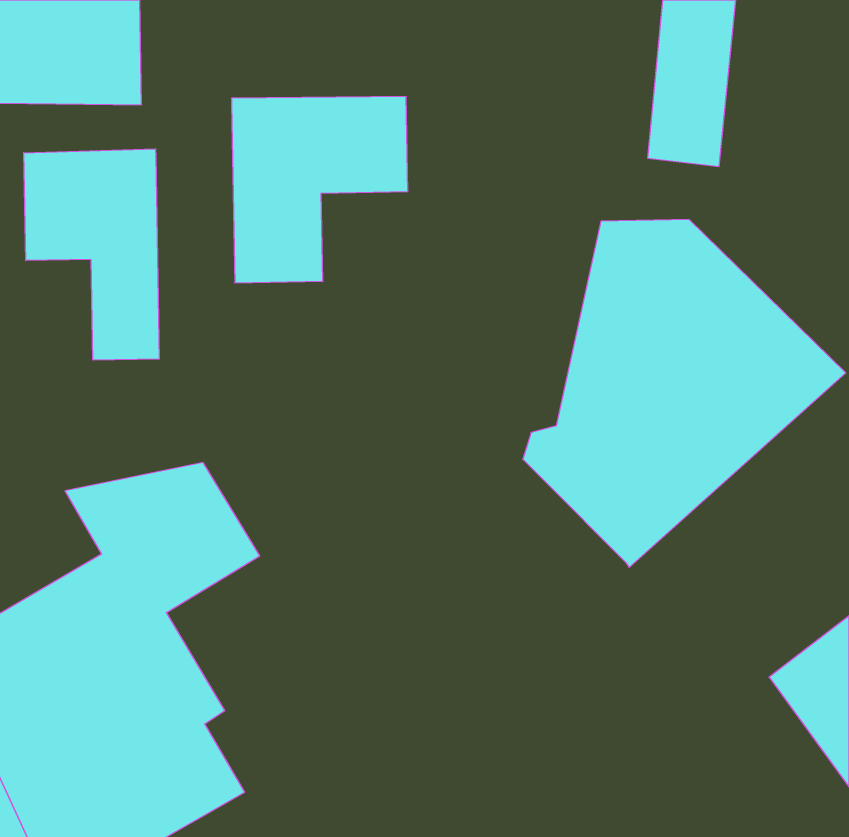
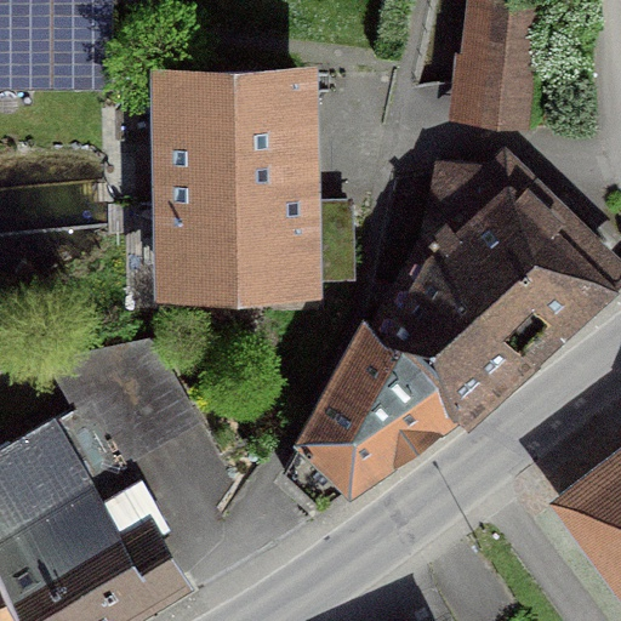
building: [24,149,159,360] -> none
building: none -> [170,149,300,285]
building: none -> [281,329,456,512]

